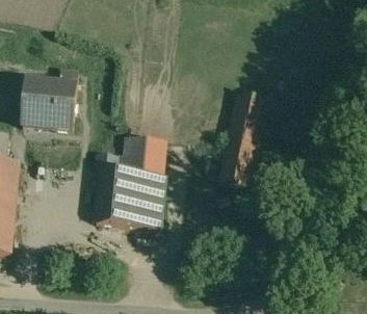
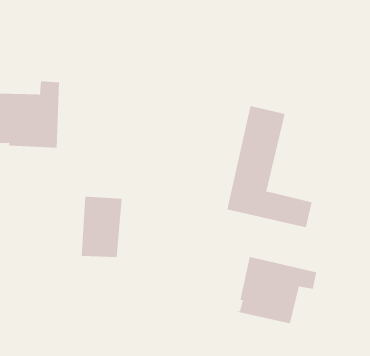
building: [126,134,173,224] -> none
building: none -> [238,256,317,324]

